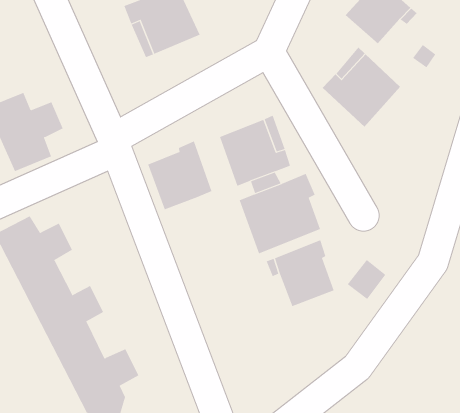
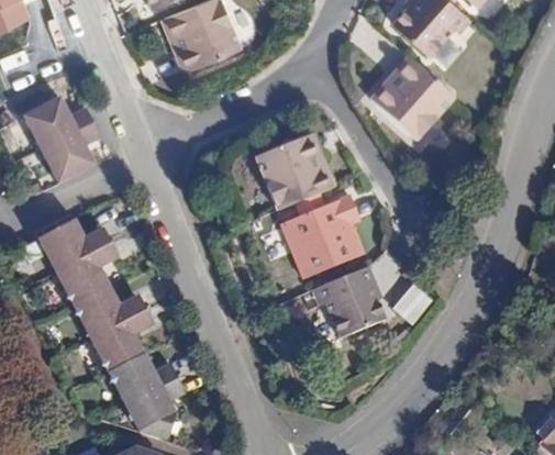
building: [148,140,212,210] -> none

